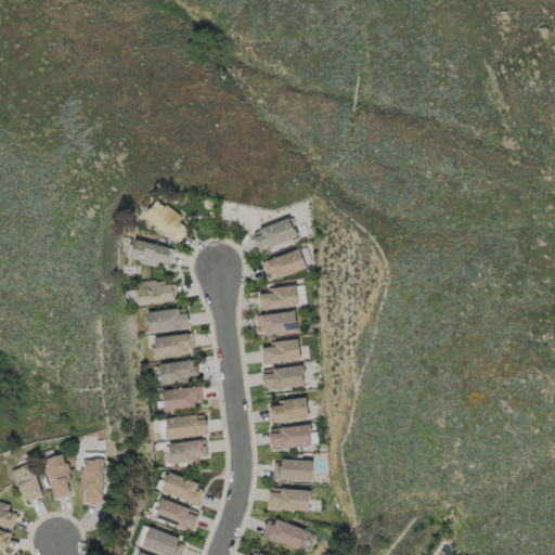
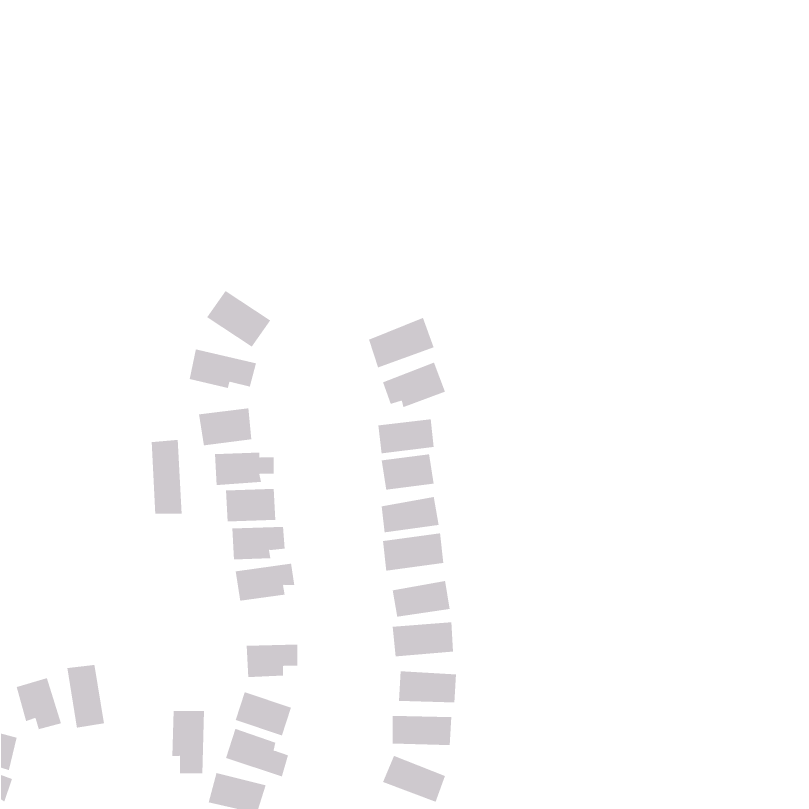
building: none -> [151,439,182,515]
building: [164,414,207,439] -> none
building: [80,460,103,503] -> [171,710,205,774]

